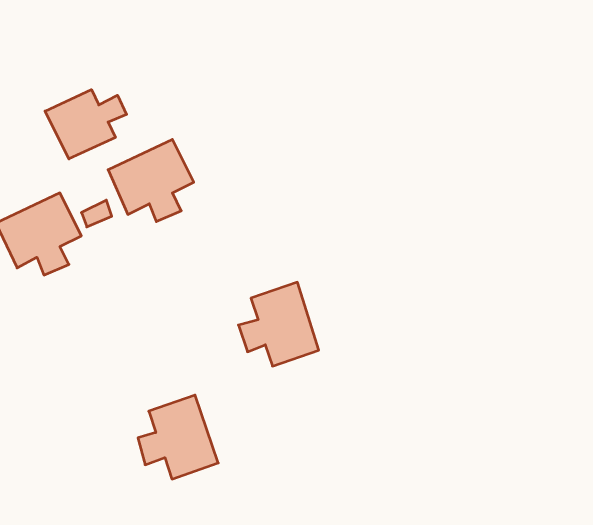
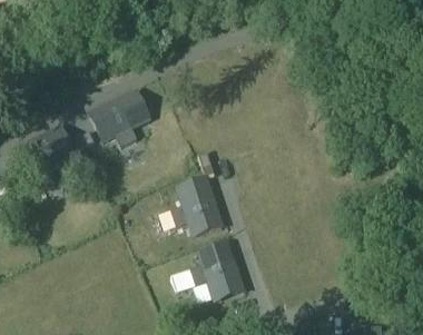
building: [45,90,127,159] -> none
building: [138,395,218,479] -> [190,240,240,293]

